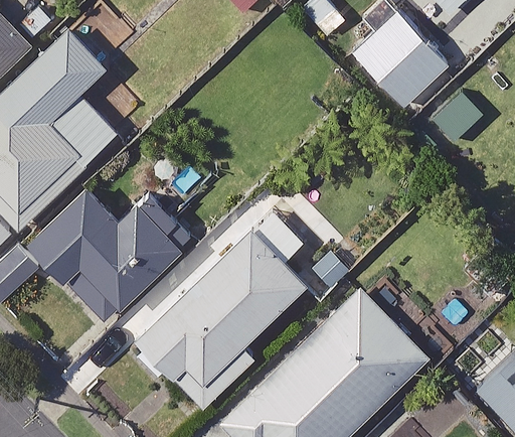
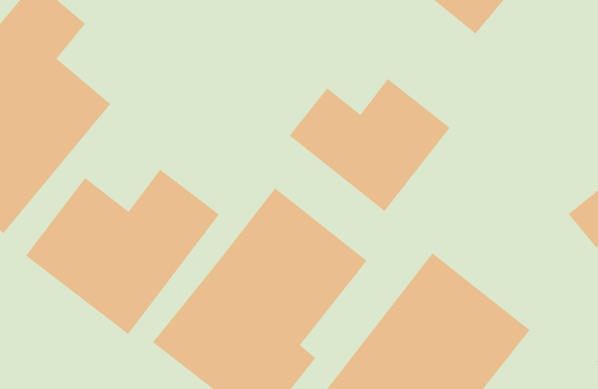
building: none -> [289,78,451,212]

